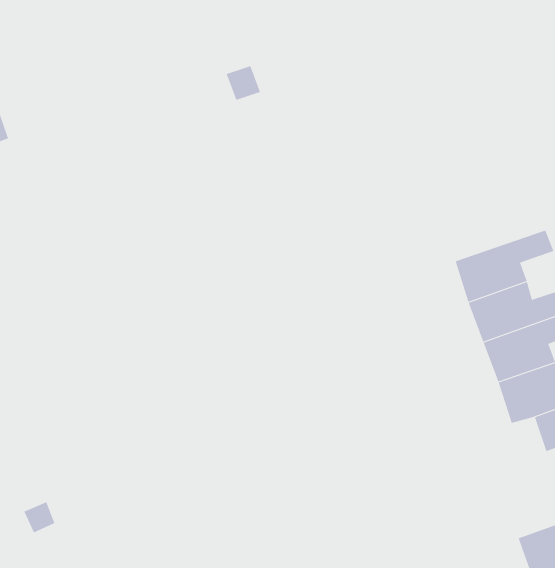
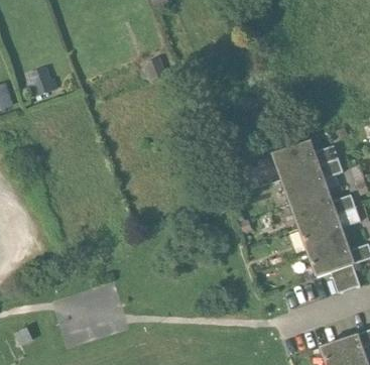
building: none -> [27,67,56,96]
building: none -> [273,140,338,177]

